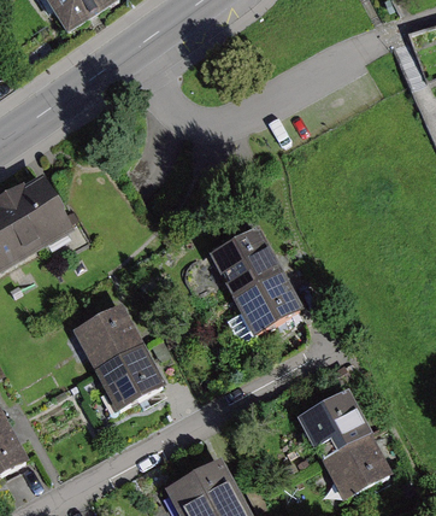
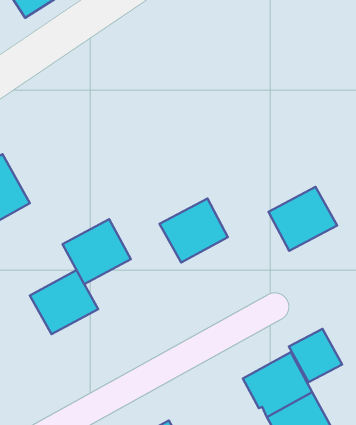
building: [230,266,302,334] -> [269,187,337,251]
building: [93,342,165,411] -> [63,219,131,284]
building: none -> [289,329,342,382]

